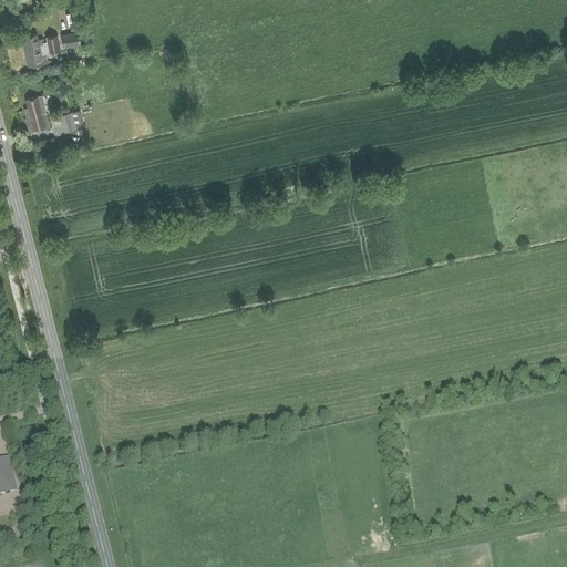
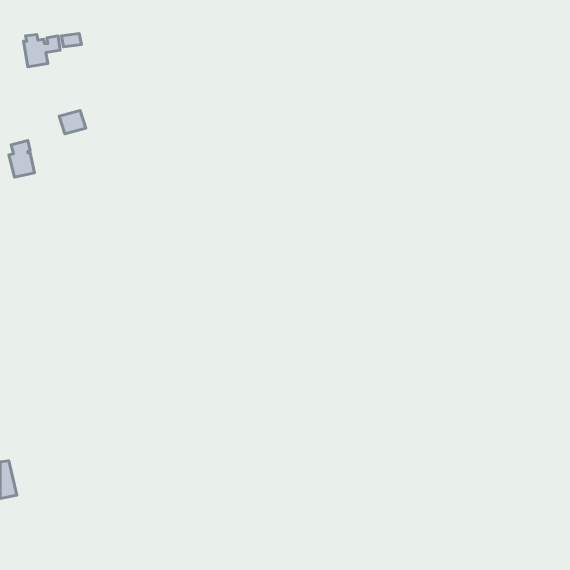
building: [23,95,49,132] -> [9,140,35,177]

